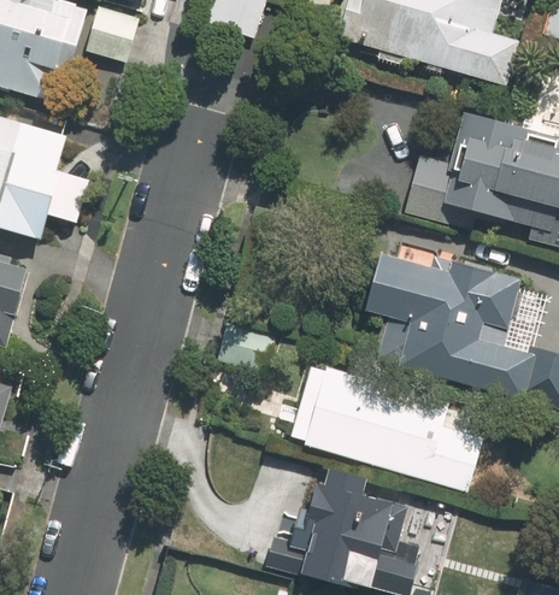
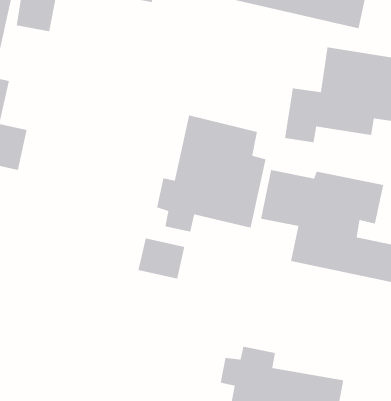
building: none -> [156,115,267,233]
building: [292,365,488,491] -> none

